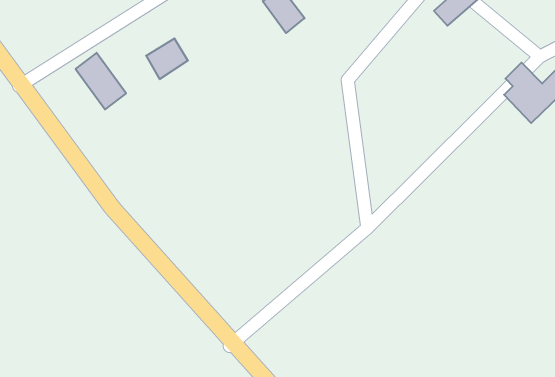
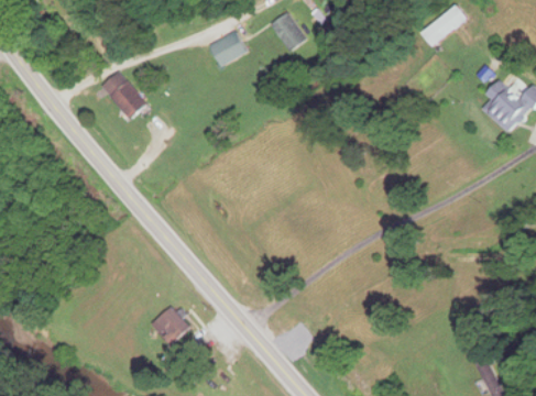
building: [146,38,188,79] -> [209,31,247,67]
building: none -> [152,307,196,350]

